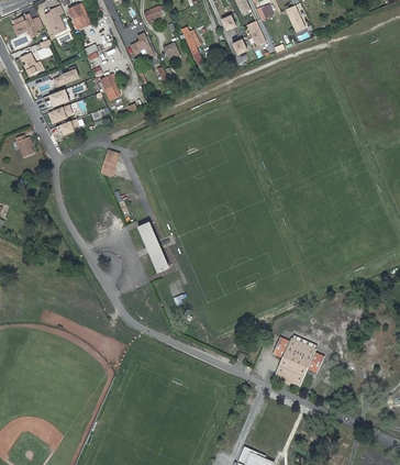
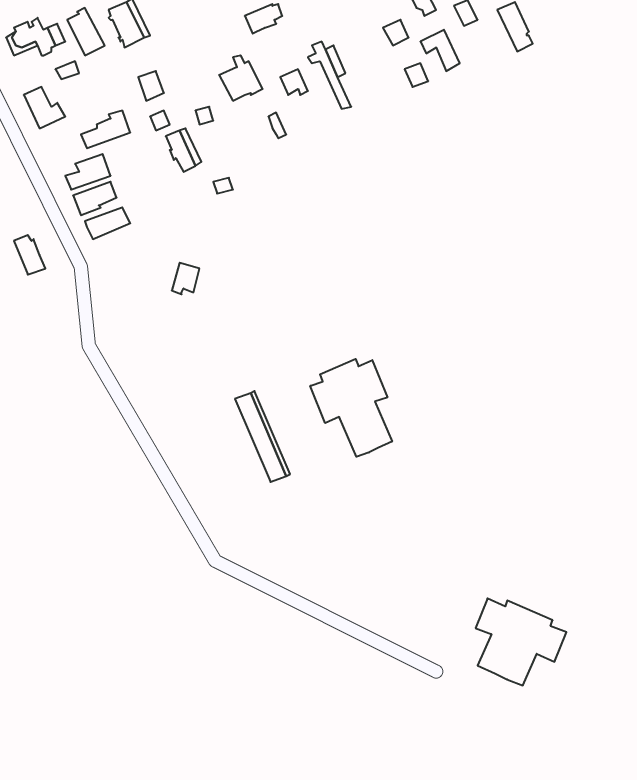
building: none -> [310,359,392,457]

